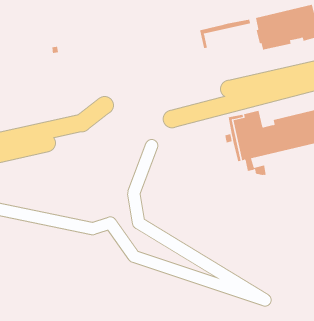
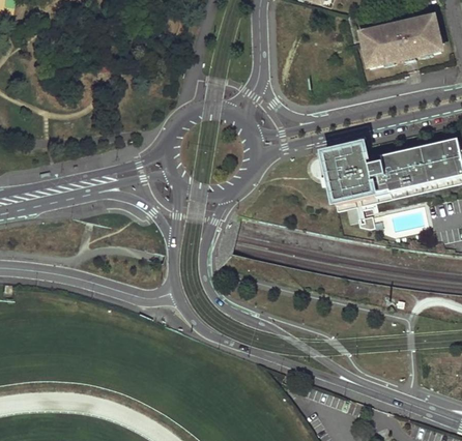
building: [200,19,251,49] -> none

